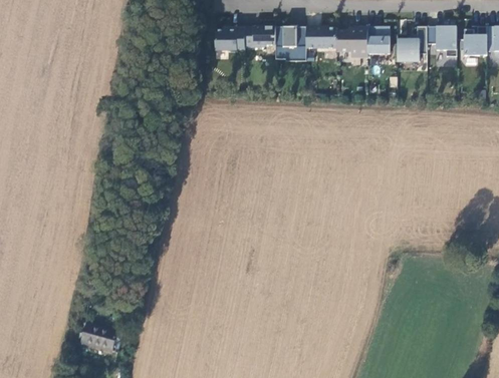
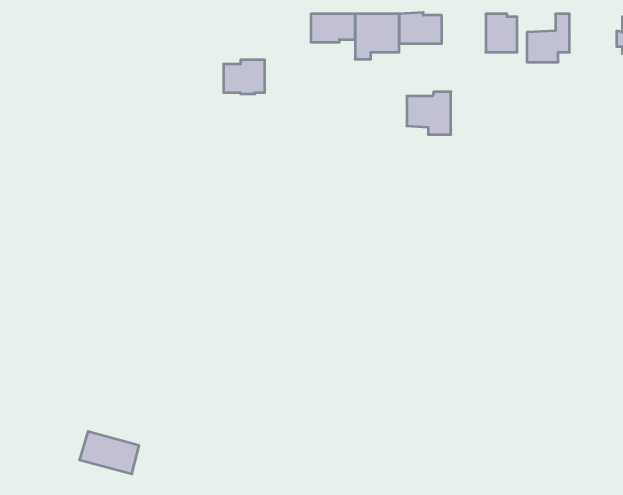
building: [215,27,244,51] -> [224,60,265,94]
building: [336,27,367,57] -> [407,92,451,134]
building: [427,27,456,57] -> none

